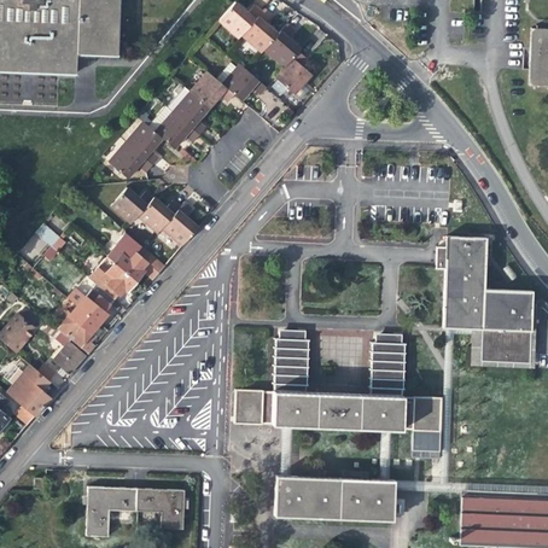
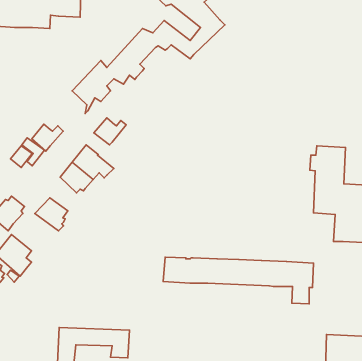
building: [111,186,155,223] -> [32,124,63,151]
building: [162,202,198,245] -> none
building: [75,285,112,325] -> none
building: [274,330,309,391] -> none
building: [369,334,406,395] -> none
building: [51,340,87,374] -> none
building: [272,474,395,521] -> none

